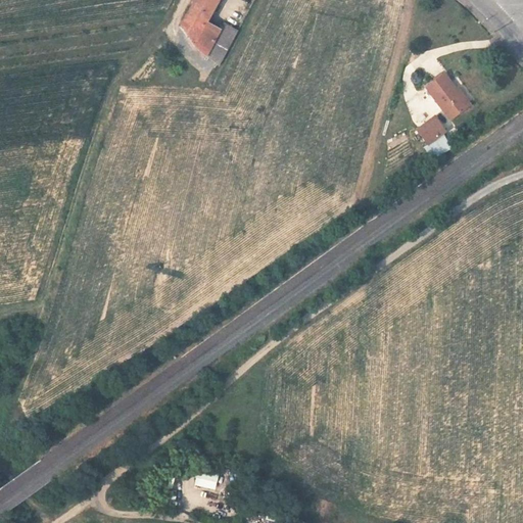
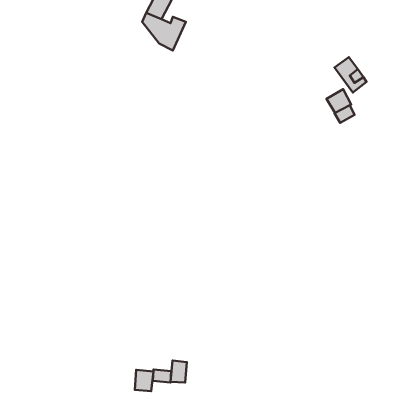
building: none -> [170,360,187,383]
building: none -> [135,370,153,391]

